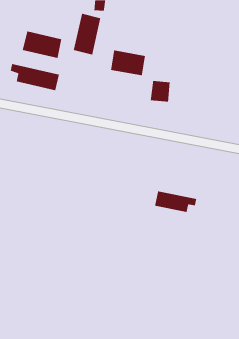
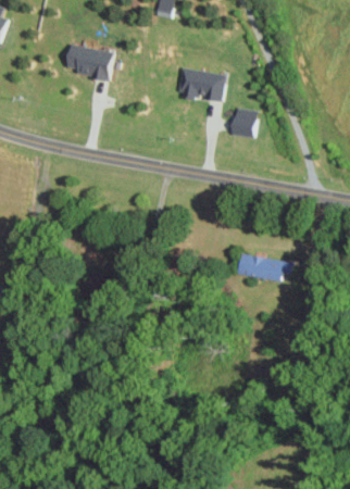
building: [73,13,101,55] -> none
building: [10,63,60,91] -> none

